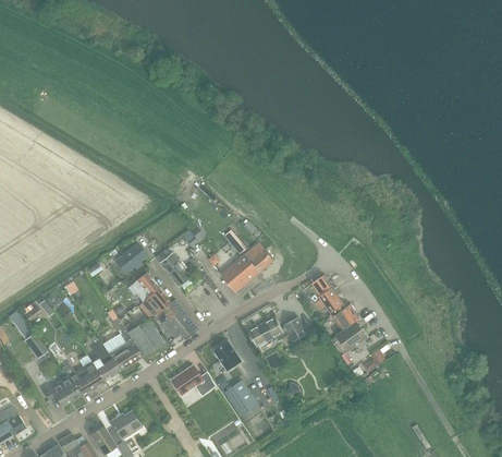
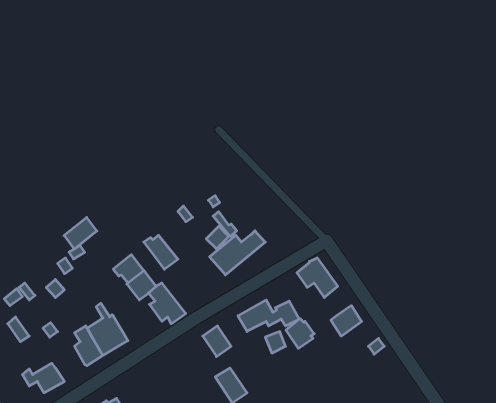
building: [114,242,146,273] -> [64,217,97,249]
building: [330,302,357,330] -> [286,319,314,348]
building: [127,316,164,354] -> none
building: [61,354,103,394] -> none
building: [170,364,215,394] -> none

